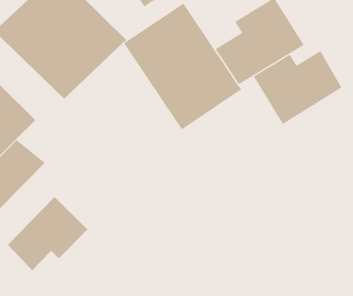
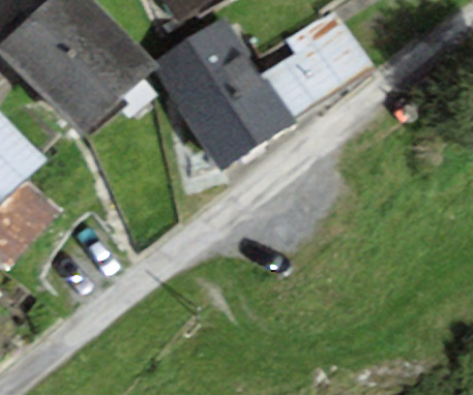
building: [253,50,342,125] -> none
building: [7,196,88,271] -> none

